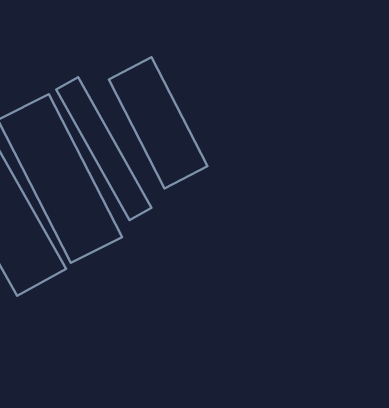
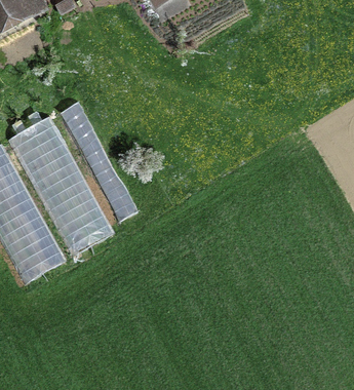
building: [109,57,207,188] -> none

